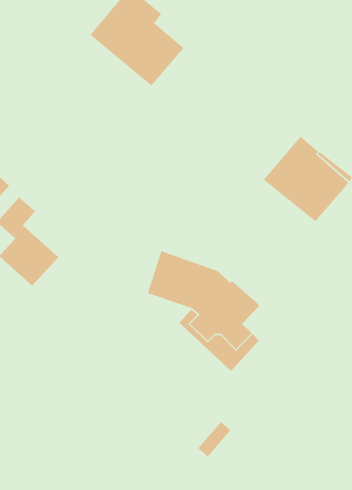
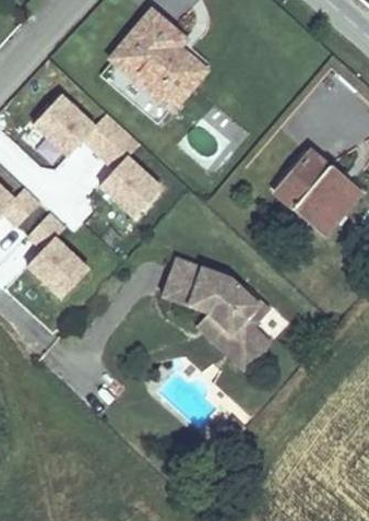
building: none -> [38,97,160,217]

